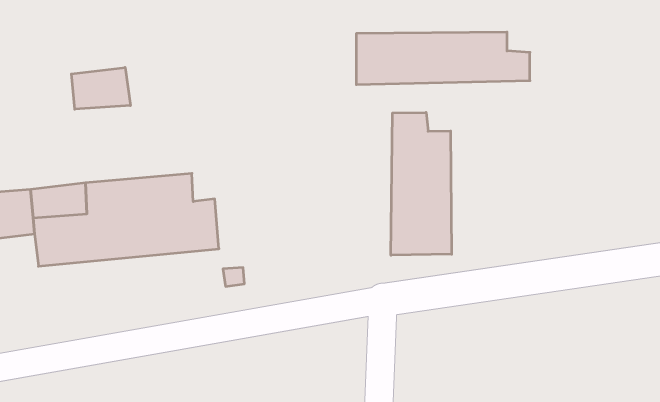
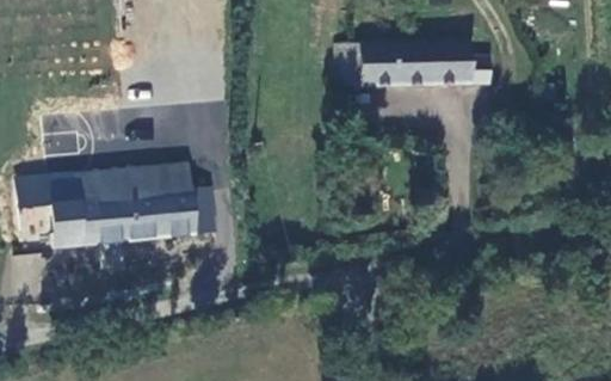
building: [71,67,130,109] -> none
building: [391,112,452,255] -> none

